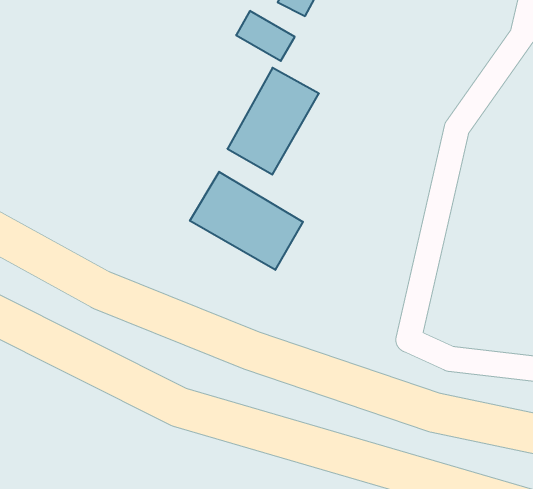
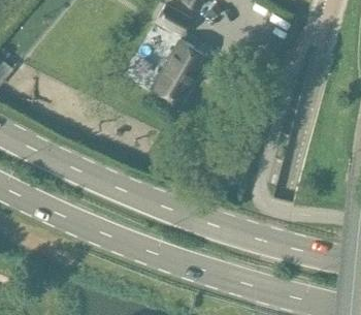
building: [190,172,303,270] -> none

